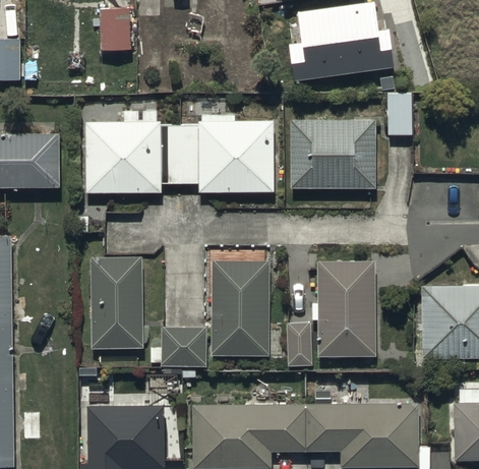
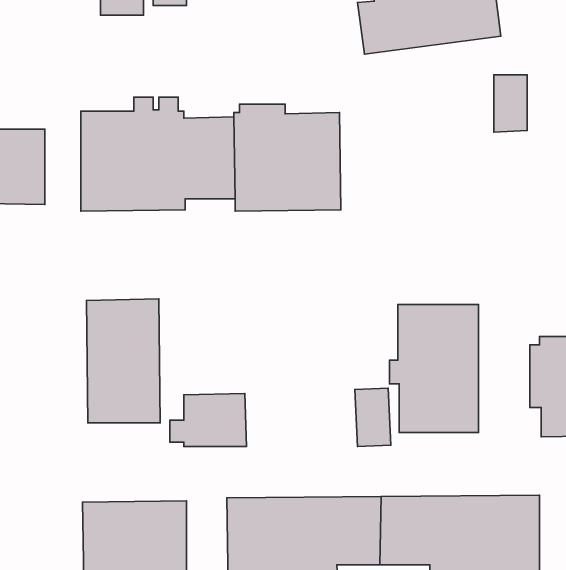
building: [289,120,377,188] -> none
building: [213,260,270,357] -> none

